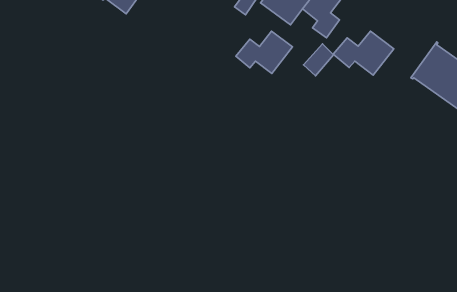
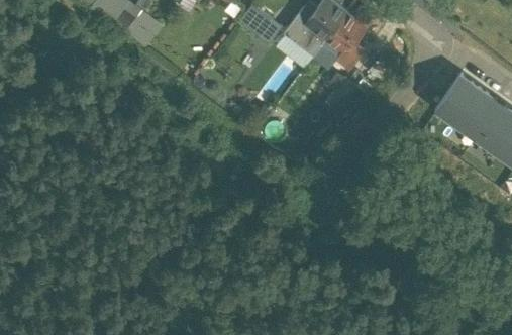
building: [333,31,394,75] -> none
building: [236,31,292,74] -> none

